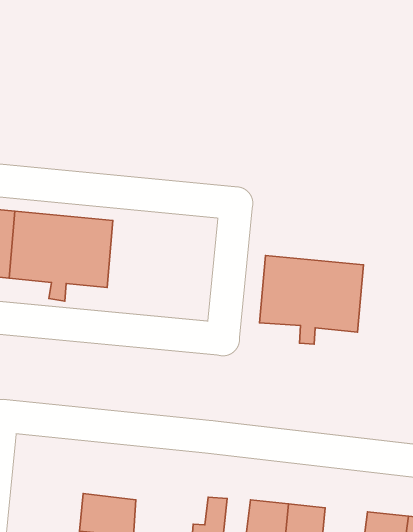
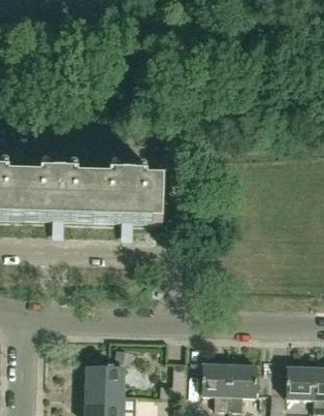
building: [260,256,363,344] -> [93,172,163,232]

